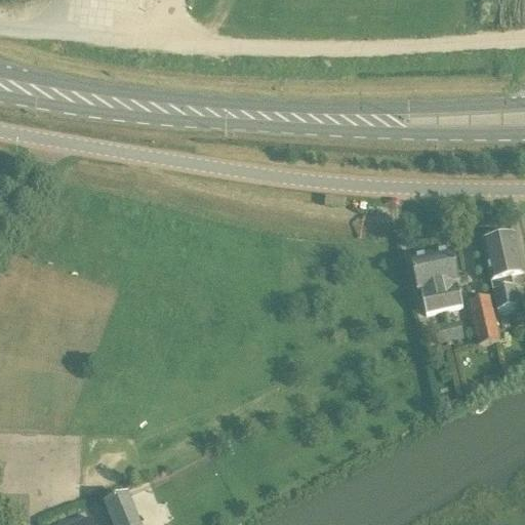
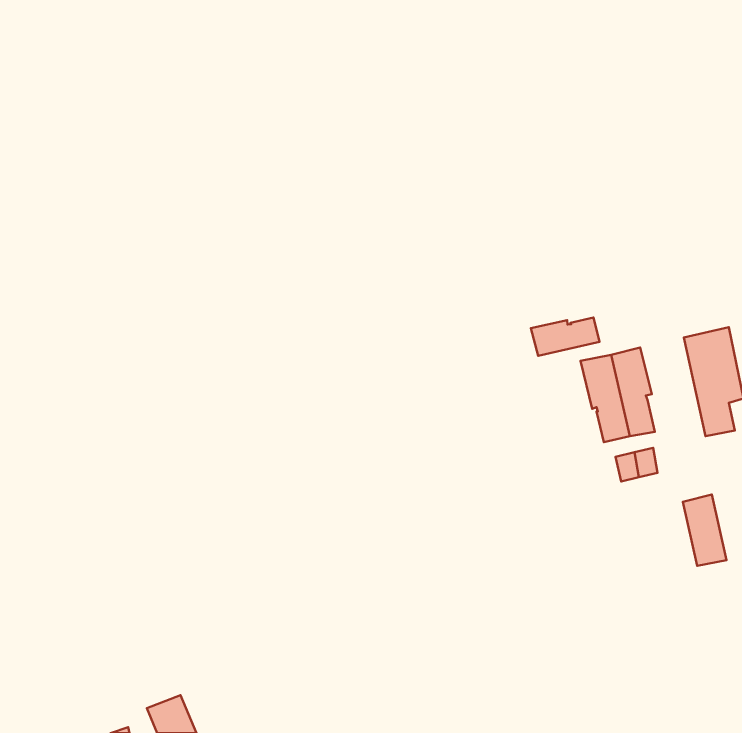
building: none -> [531,318,599,356]
building: [470,292,500,342] -> [683,495,726,566]

